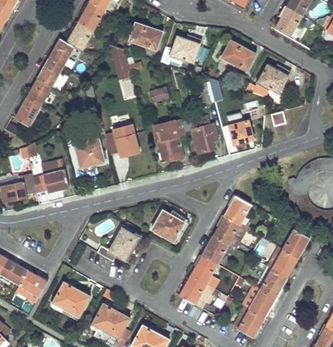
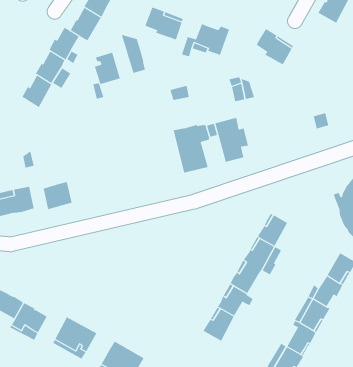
building: none -> [94,52,121,85]
building: [244,64,290,98] -> none
building: [14,99,40,126] -> none
building: [228,120,251,144] -> none
building: [105,132,139,155] -> none
building: [73,137,104,168] -> none
building: [152,210,186,241] -> none
building: [96,228,137,261] -> none

